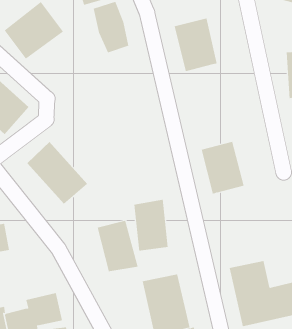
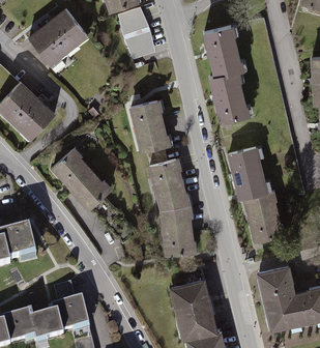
building: none -> [207,68,249,120]
building: none -> [129,98,169,150]
building: none -> [241,190,284,241]
building: [97,220,138,272] -> [147,156,188,208]

